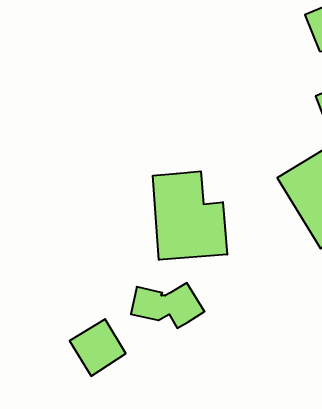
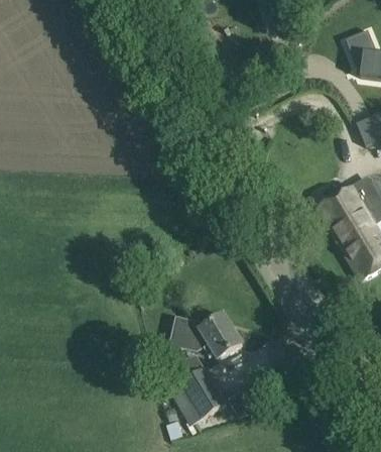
building: [153,171,227,260] -> none
building: [70,319,126,376] -> [169,365,227,424]

